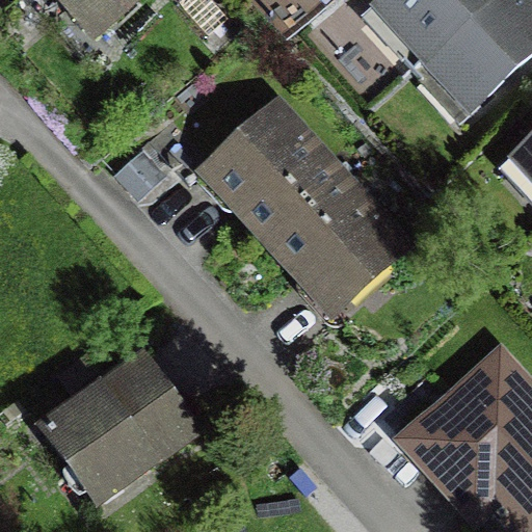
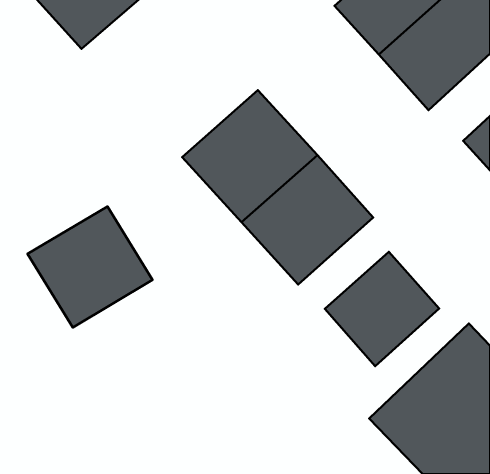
building: none -> [28,206,153,327]
building: none -> [325,252,439,366]
building: [42,352,193,494] -> none

